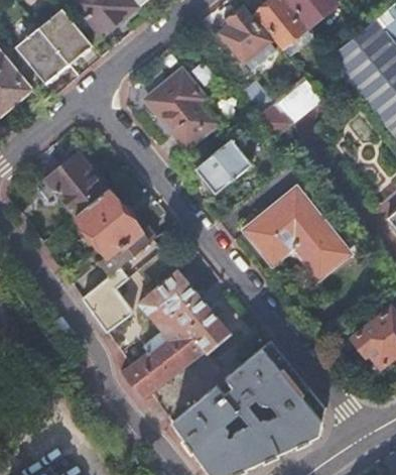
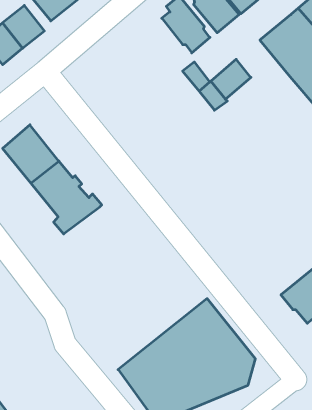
building: [147,71,218,148] -> none
building: [196,139,253,193] -> none
building: [248,188,353,279] -> none
building: [82,241,160,330] -> none
building: [124,271,228,396] -> none

